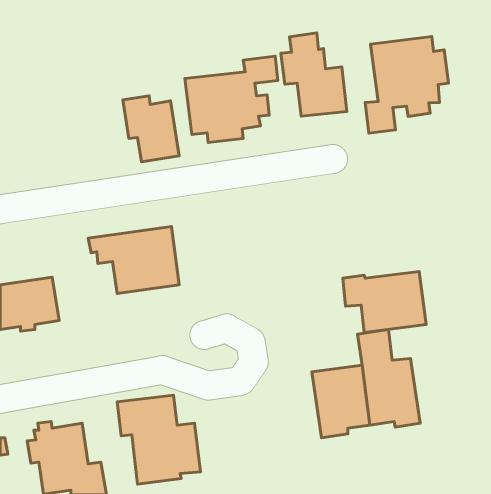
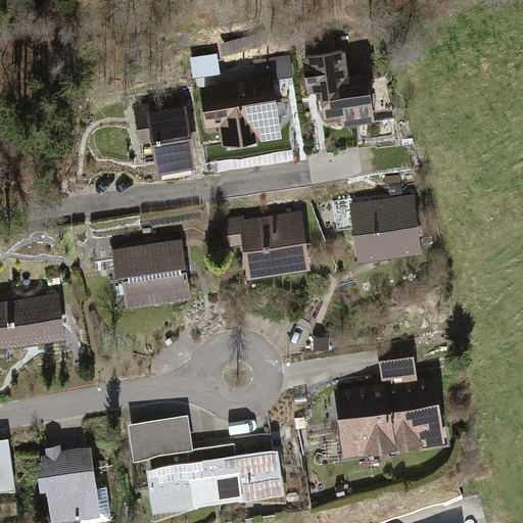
building: [365,37,449,133] -> none
building: none -> [223,213,311,277]
building: [343,271,426,332] -> [334,197,422,262]
building: none -> [209,424,285,500]

